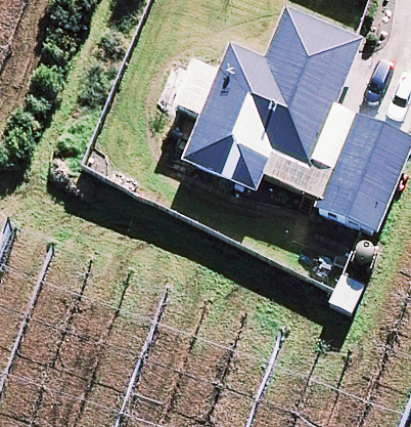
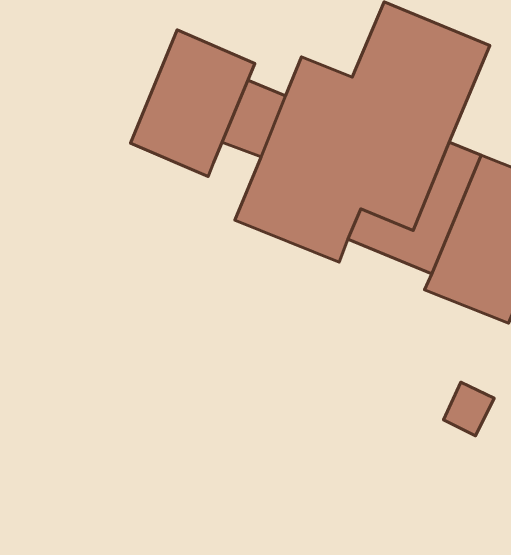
building: none -> [130,30,255,177]

